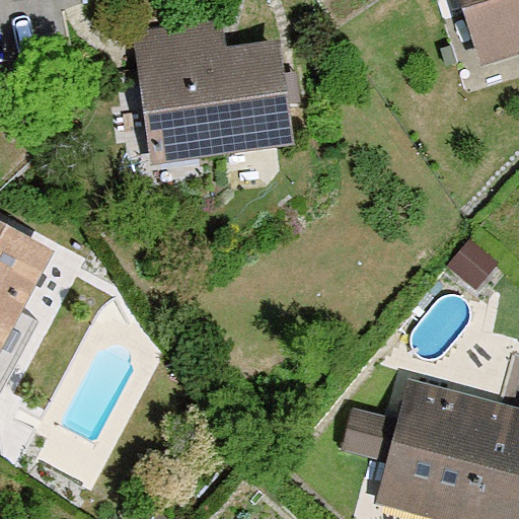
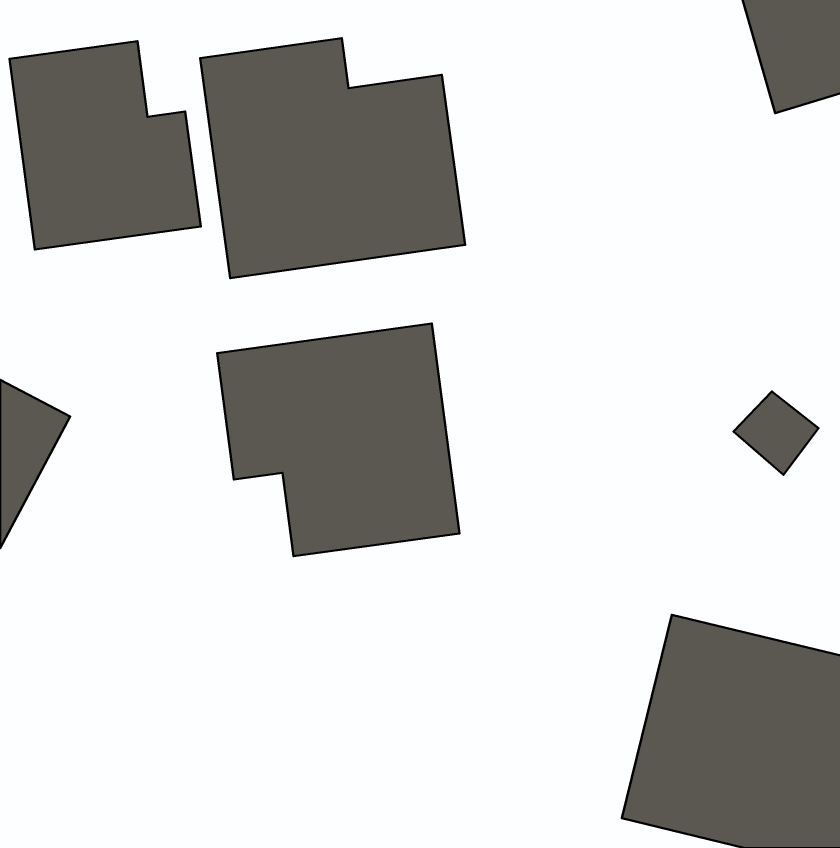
building: none -> [9,41,201,249]
building: none -> [217,323,460,556]

